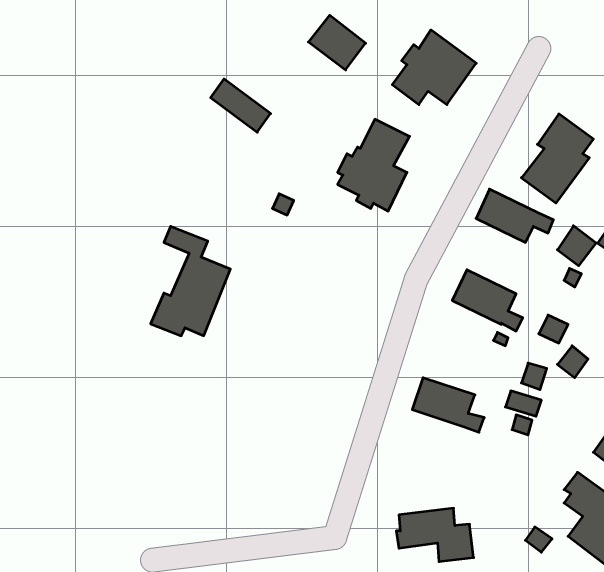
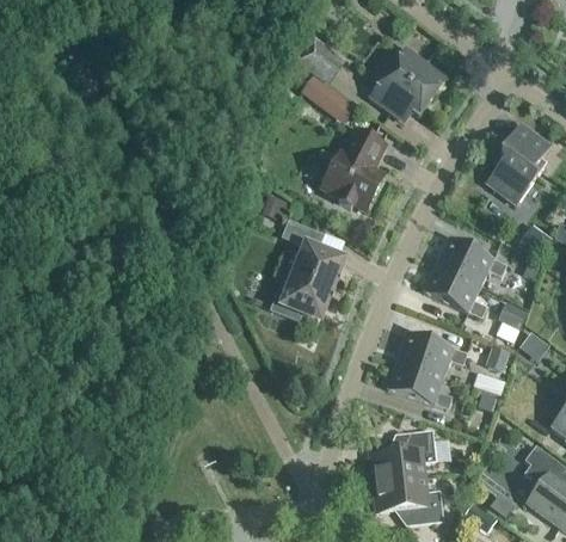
building: [211,79,271,132] -> [301,75,355,123]
building: [476,189,553,242] -> [437,236,506,284]
building: [151,226,230,336] -> [271,221,343,319]
building: none -> [398,332,467,375]
building: none -> [369,430,436,482]

